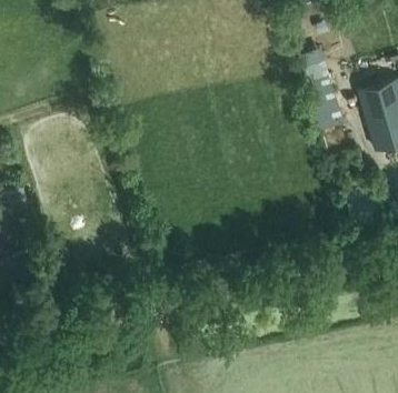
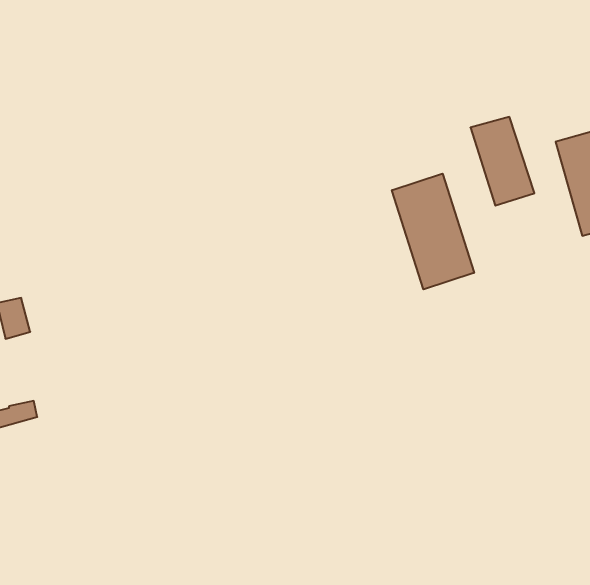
building: none -> [392,174,474,289]

